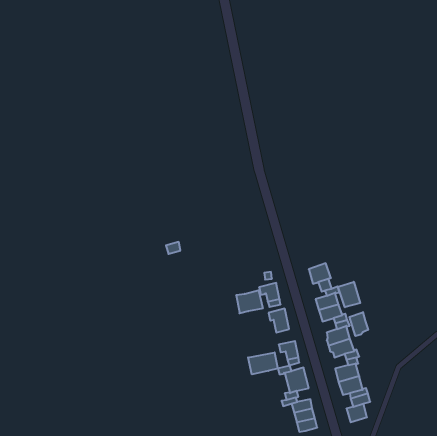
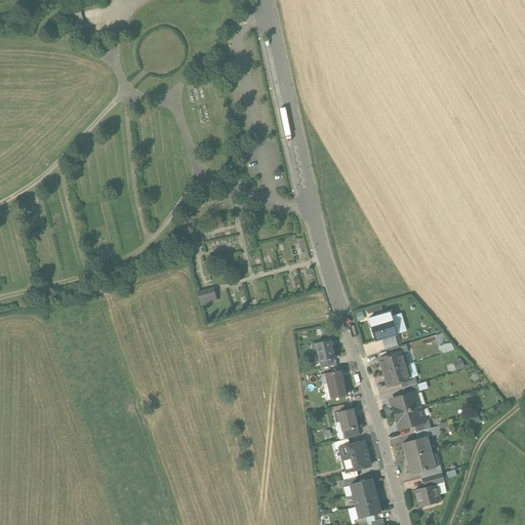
building: [338,282,360,307] -> none
building: [236,290,263,313] -> none
building: [349,312,368,336] -> none
building: [248,352,278,374] -> none

